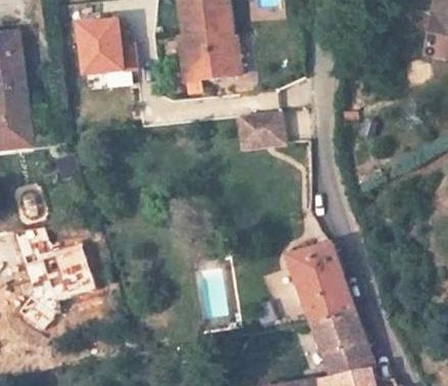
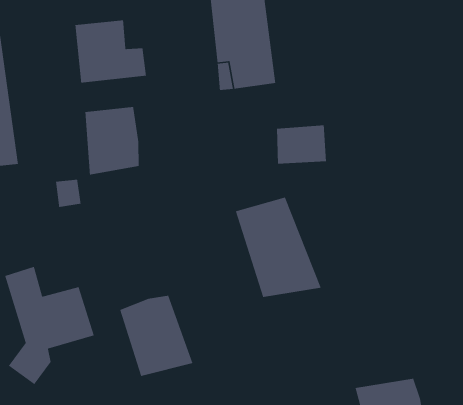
building: none -> [85,106,140,175]
building: [289,245,362,331] -> [235,196,322,298]
building: none -> [119,295,194,377]

